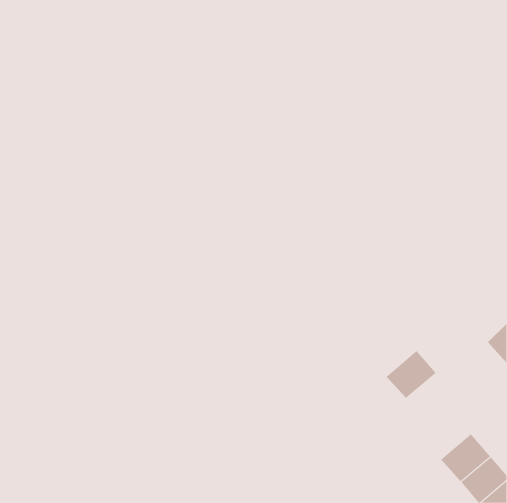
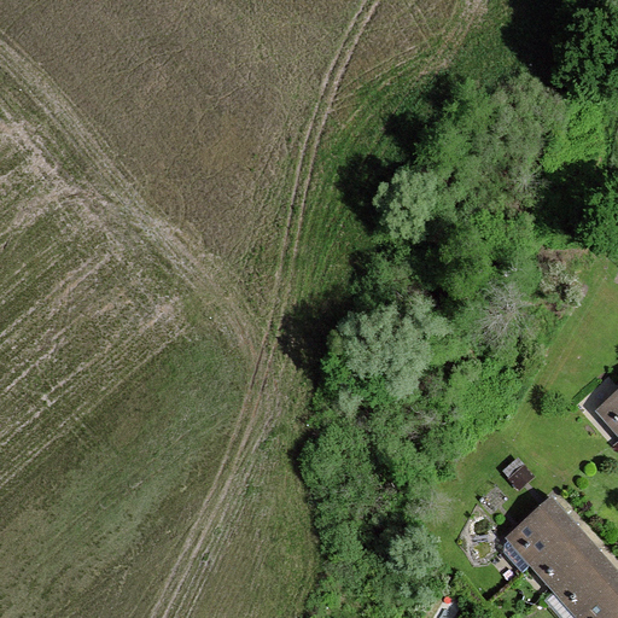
building: [386,350,437,399] -> [512,500,573,559]

